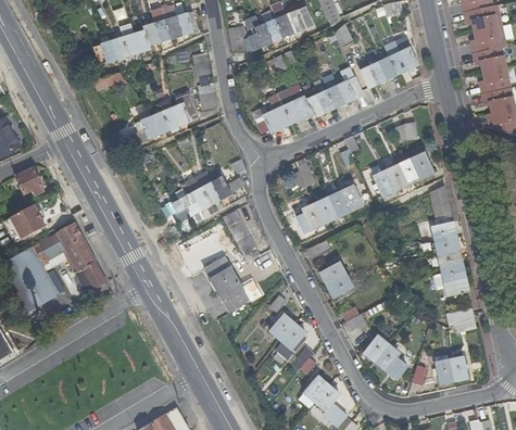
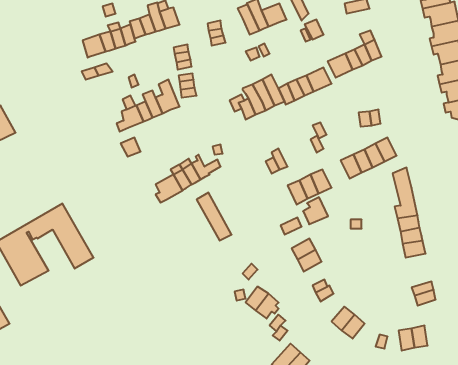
building: [246,17,275,50] -> none
building: [15,168,43,195] -> none
building: [9,203,45,240] -> none
building: [299,204,326,233] -> [303,197,328,224]
building: [200,260,243,314] -> none

